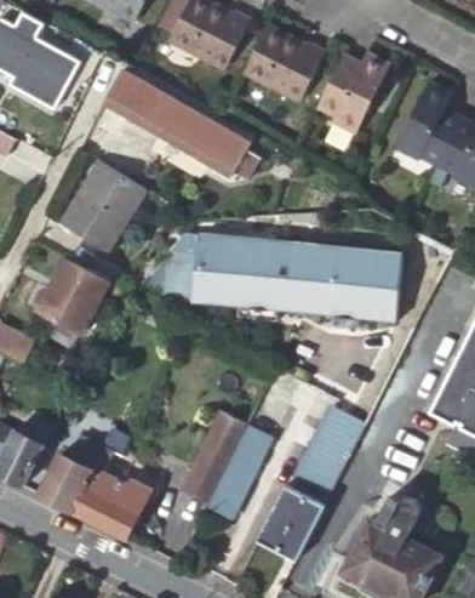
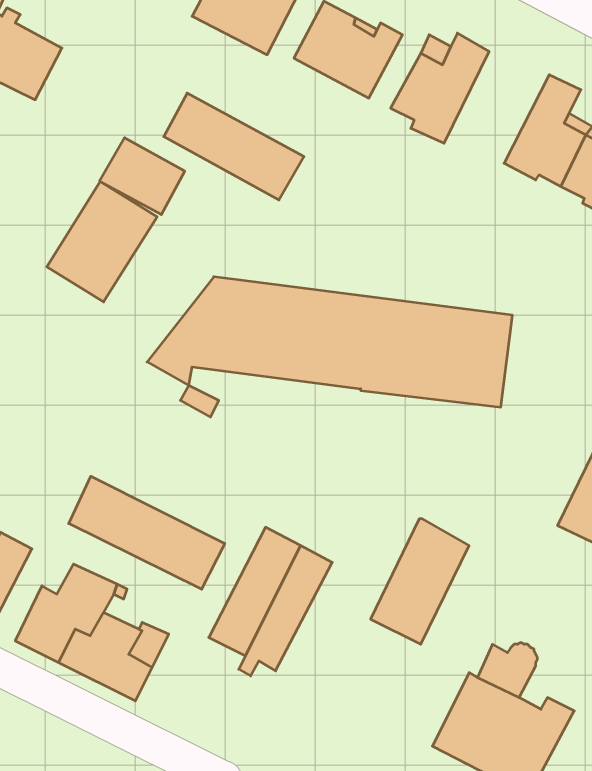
building: [103,72,165,127] -> [100,138,185,215]
building: [38,256,111,332] -> none
building: none -> [69,476,225,589]
building: [262,486,328,560] -> none

